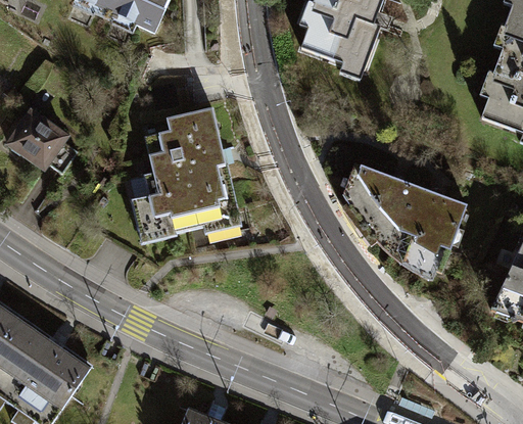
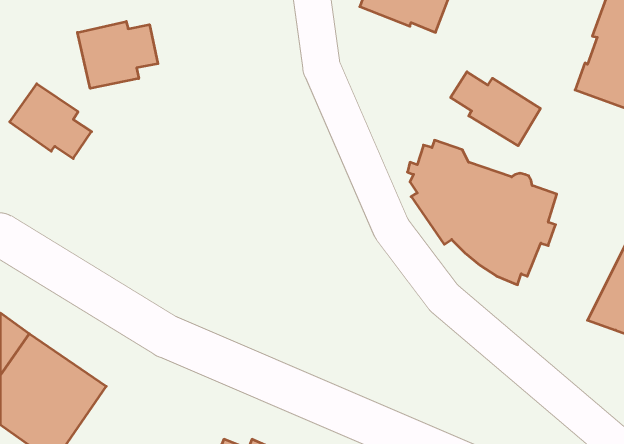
building: none -> [77,21,158,88]
building: none -> [451,72,540,146]
building: [130,107,238,242] -> none

